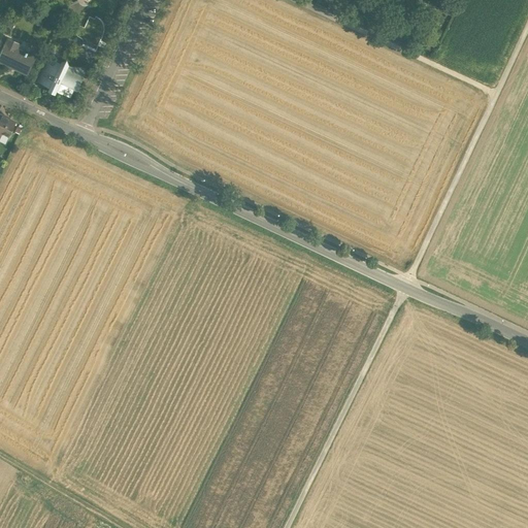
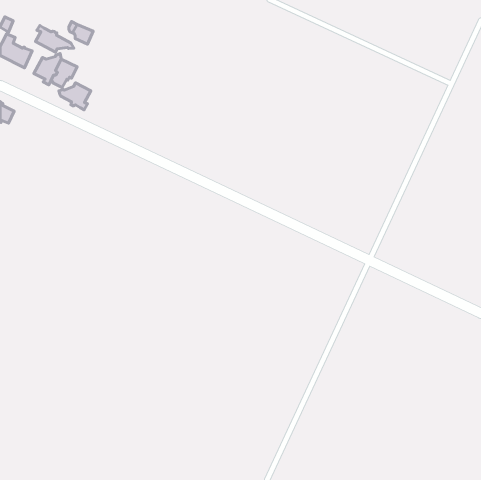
building: none -> [35,26,74,52]
building: none -> [59,83,91,110]

